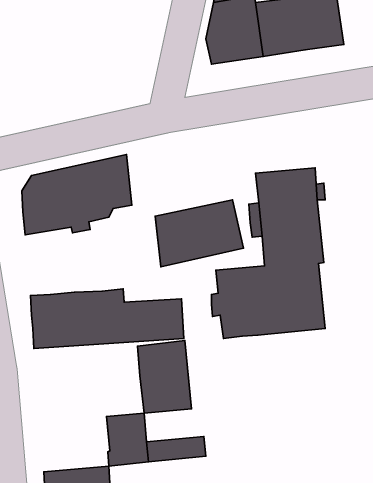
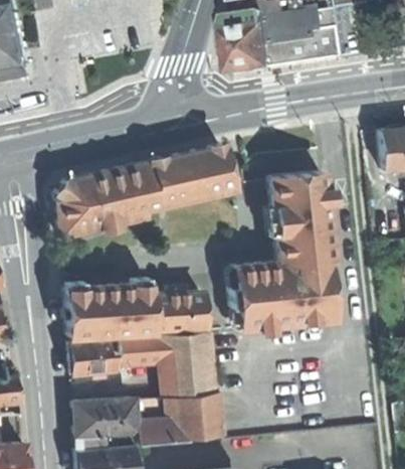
building: [155,200,243,267] -> [154,146,234,207]
building: none -> [121,336,166,367]
building: none -> [70,341,111,375]
building: none -> [170,393,224,424]
building: none -> [74,401,139,451]

